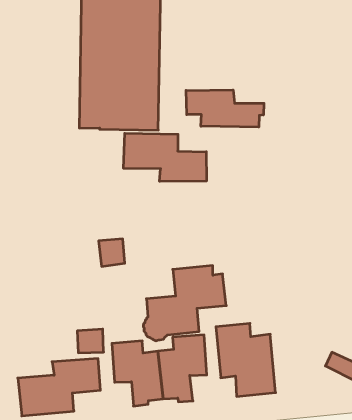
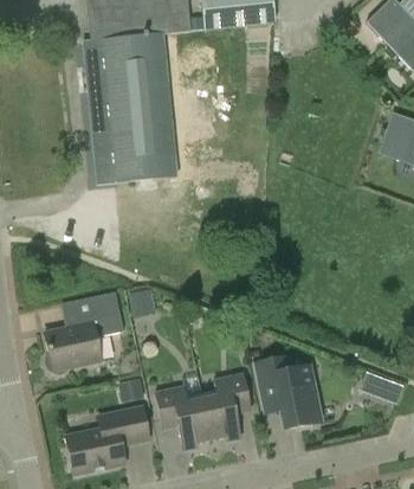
building: [186,90,264,127] -> none
building: [124,133,206,181] -> none
building: [143,266,226,341] -> [45,291,124,372]

